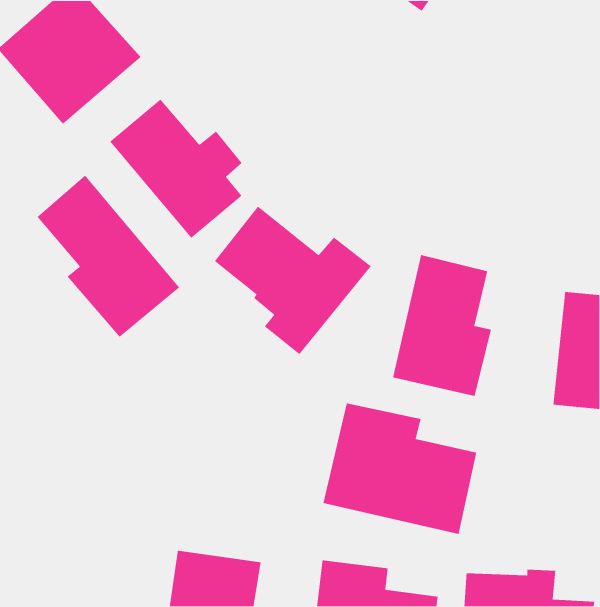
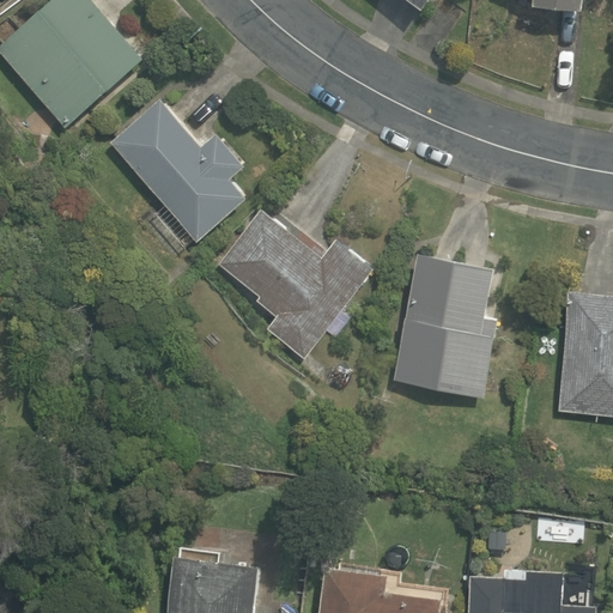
building: [36,174,180,338] -> none
building: [323,402,477,535] -> none

